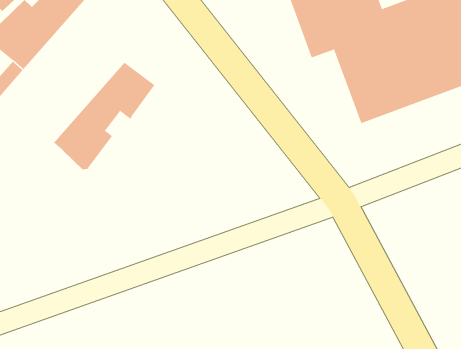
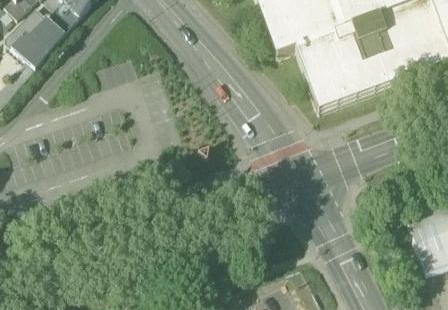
building: [53,62,155,170] -> none

